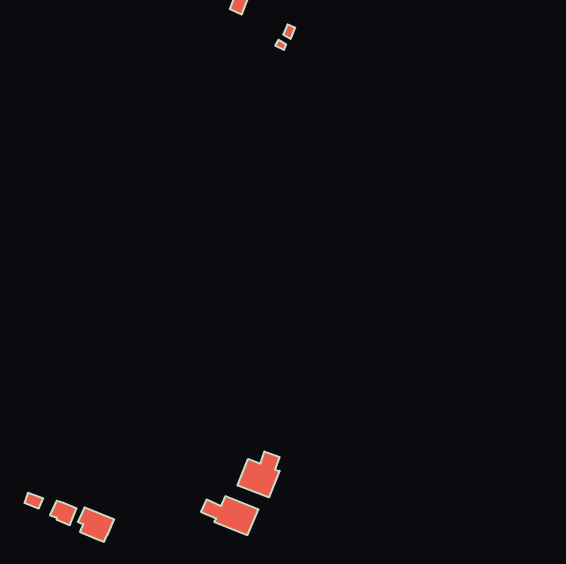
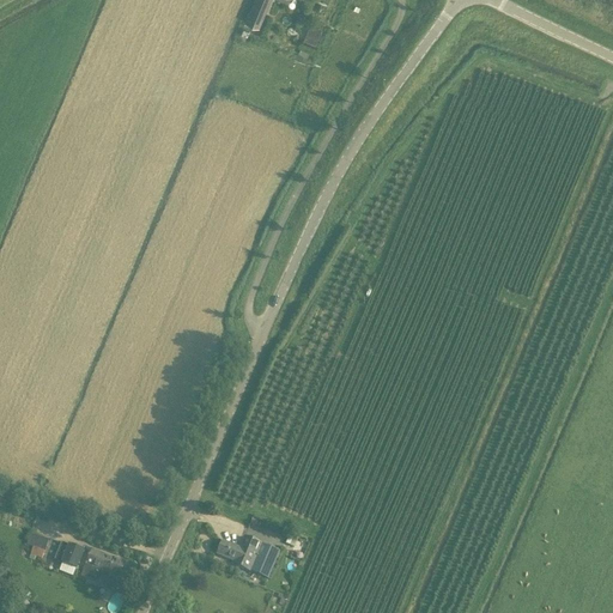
building: [238,451,280,497] -> none

